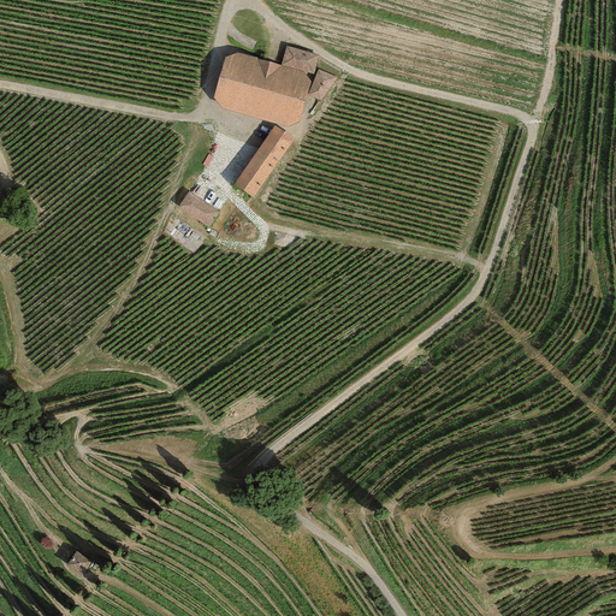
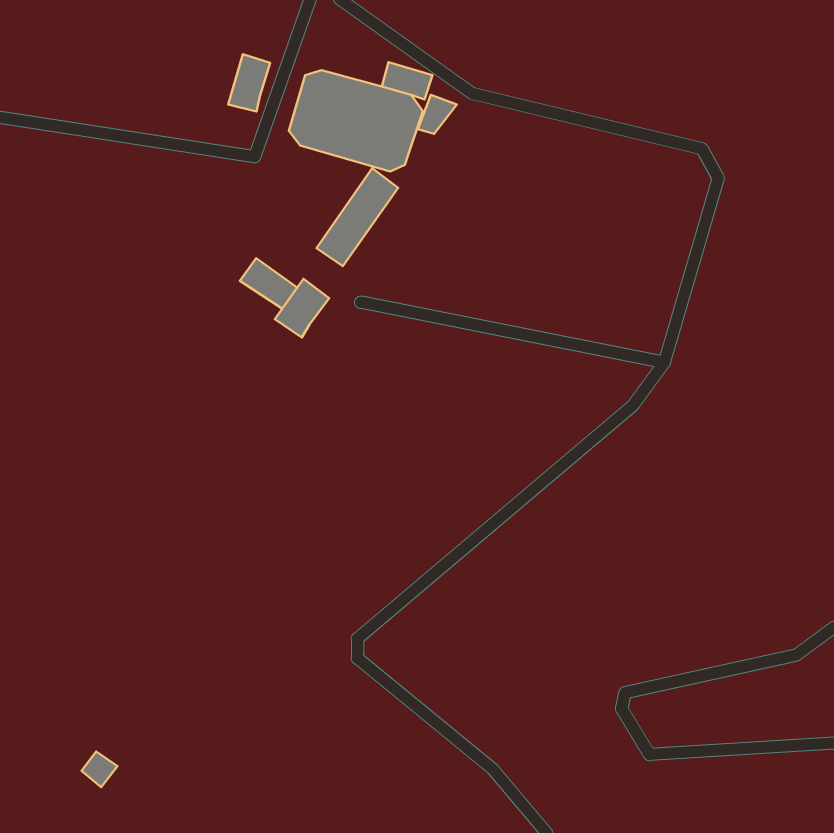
building: none -> [228,54,270,112]
building: none -> [275,279,329,337]

